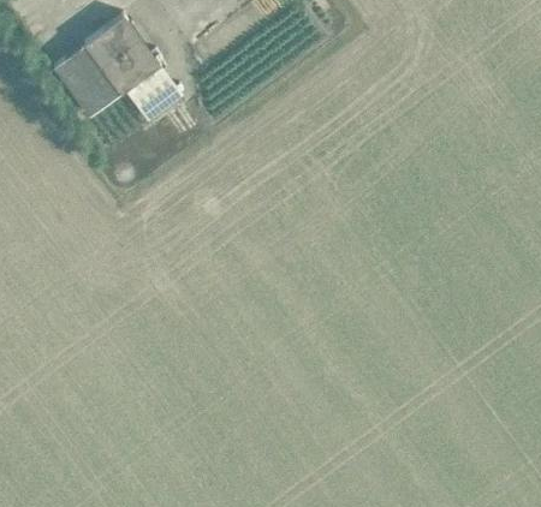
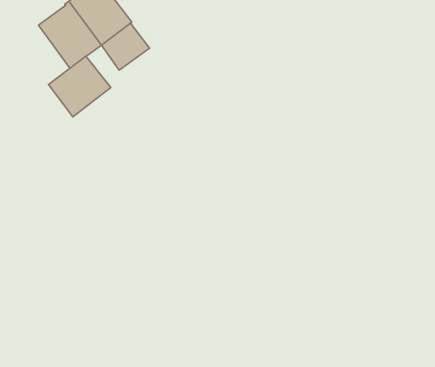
building: none -> [49,56,111,117]

